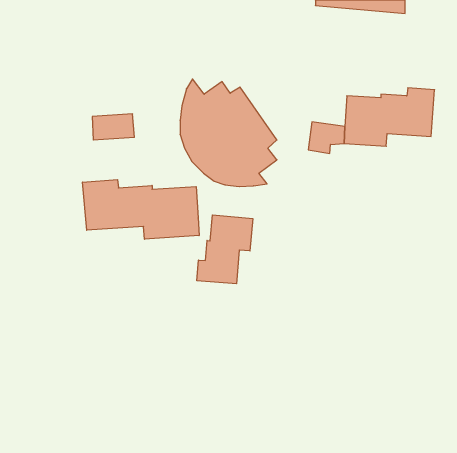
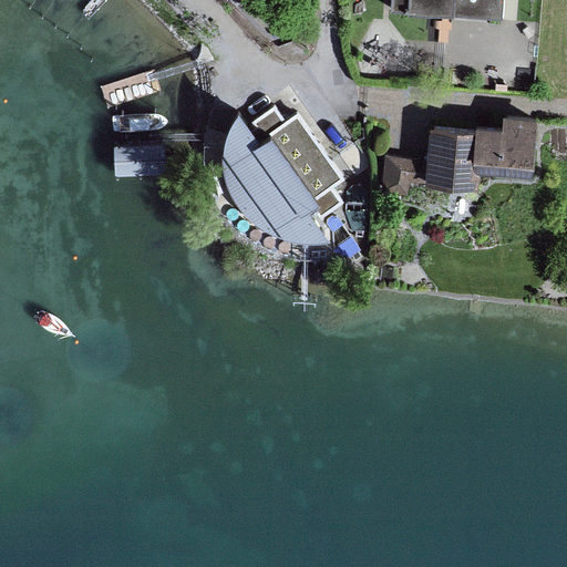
building: [83,180,199,239] -> none
building: [197,215,253,284] -> none

